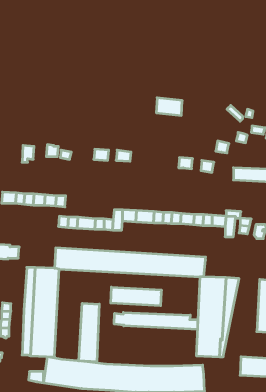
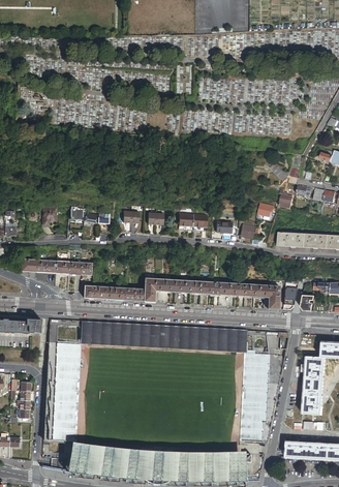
building: [156,98,182,115] -> [179,212,208,232]
building: [111,287,161,306] -> none
building: [79,303,99,362] -> none
building: [114,312,198,329] -> none

